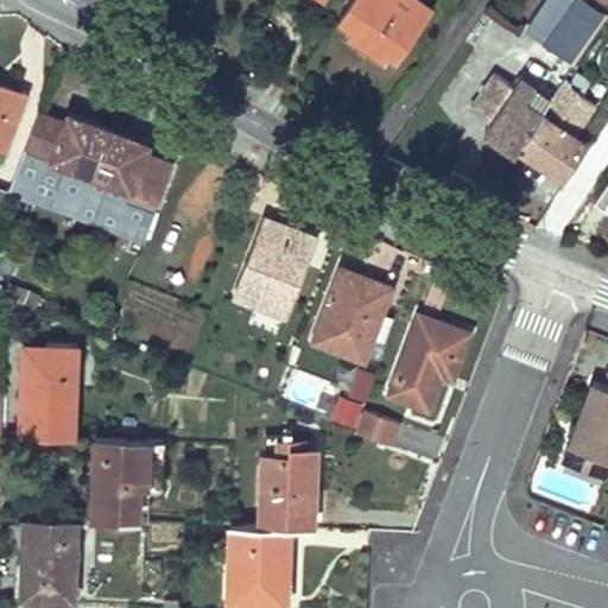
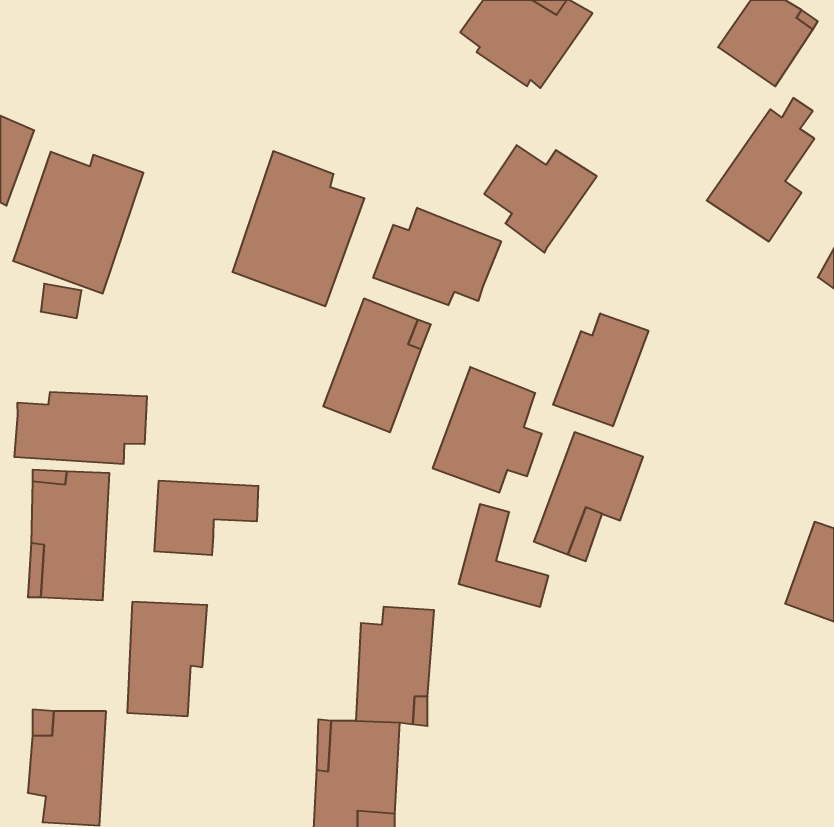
building: [468,77,550,156] -> [484,145,597,253]
building: [75,131,171,243] -> [232,151,365,306]
building: none -> [373,208,501,305]
building: none -> [553,313,648,426]
building: none -> [14,392,147,464]
building: none -> [154,481,258,555]

